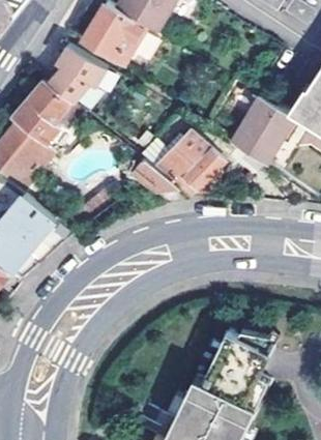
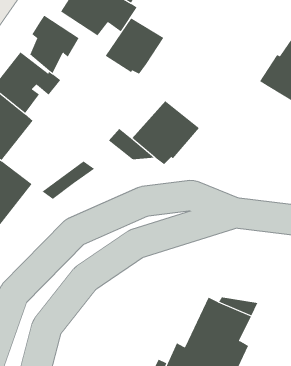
building: none -> [105,17,164,75]
building: [226,96,290,164] -> none

